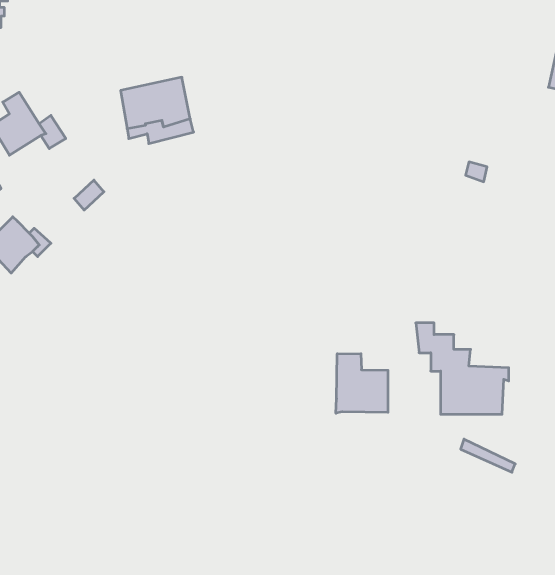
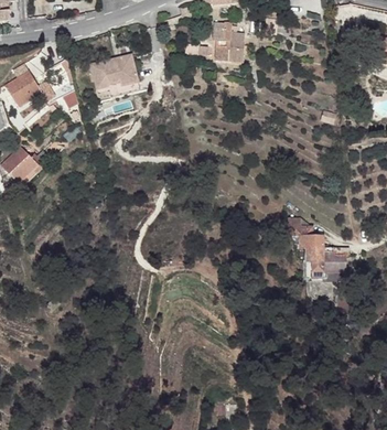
building: none -> [211,21,244,63]
building: [336,354,388,413] -> none

